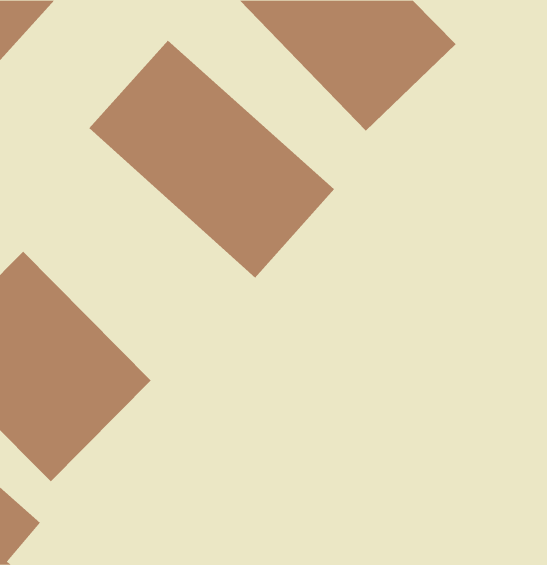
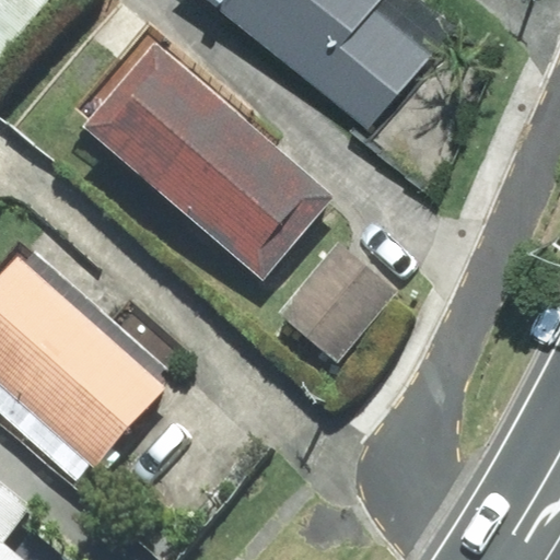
building: none -> [270,243,397,372]

